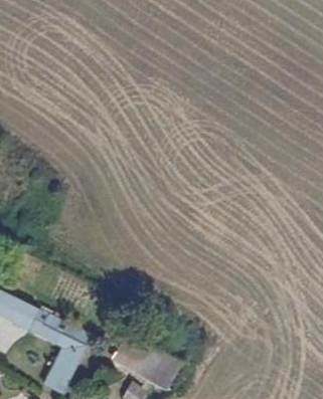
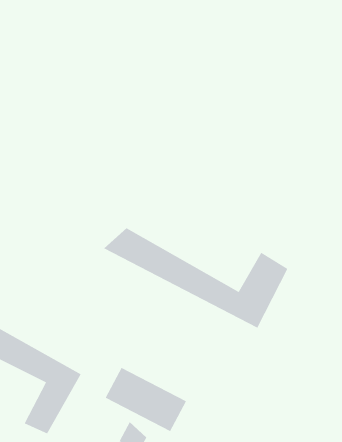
building: none -> [103,227,288,328]

